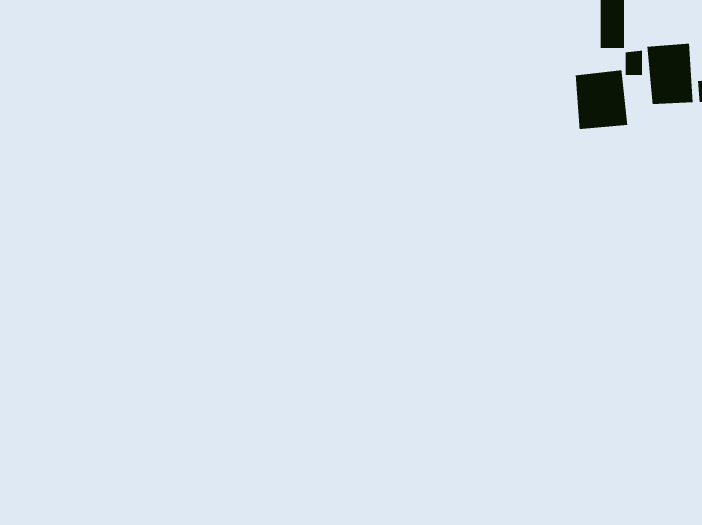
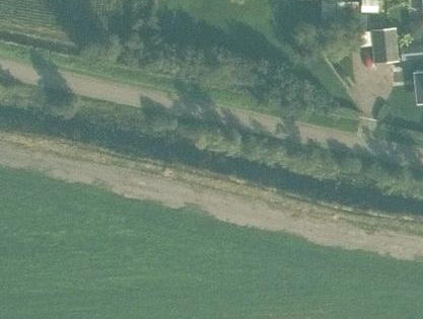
building: [575,69,628,130] -> none

